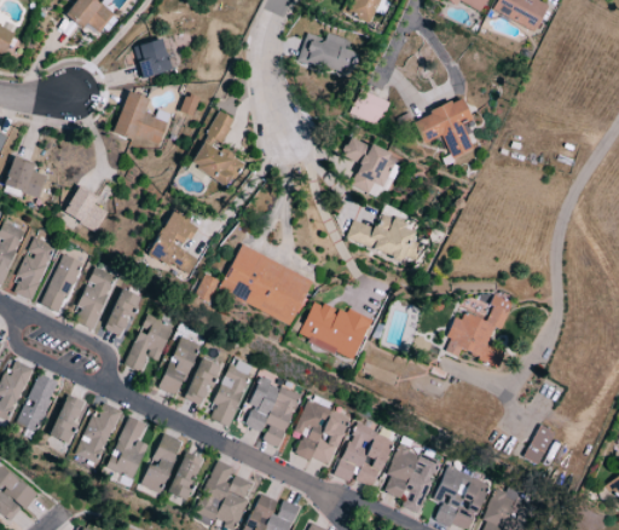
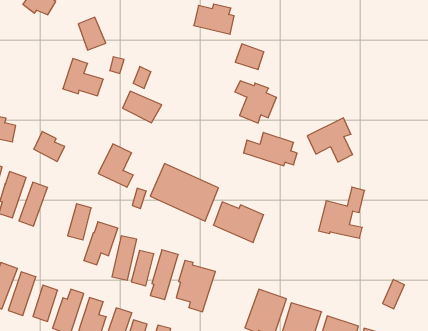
building: [413,98,473,157] -> [307,118,353,162]
building: [75,266,116,329] -> none
building: [294,399,349,466] -> none

